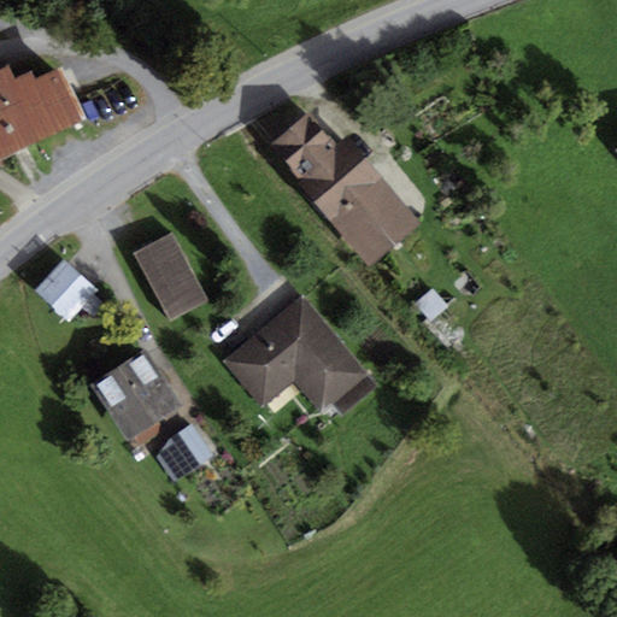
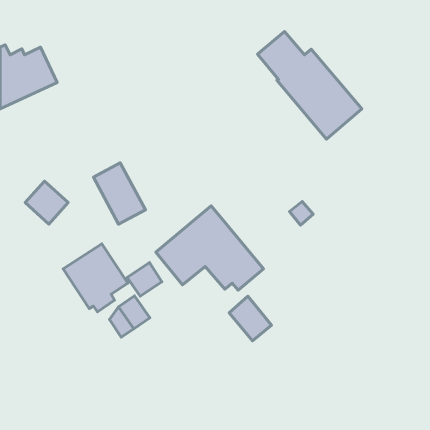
building: [270,111,419,265] -> [257,31,362,139]
building: none -> [127,262,162,296]
building: none -> [229,296,272,341]

